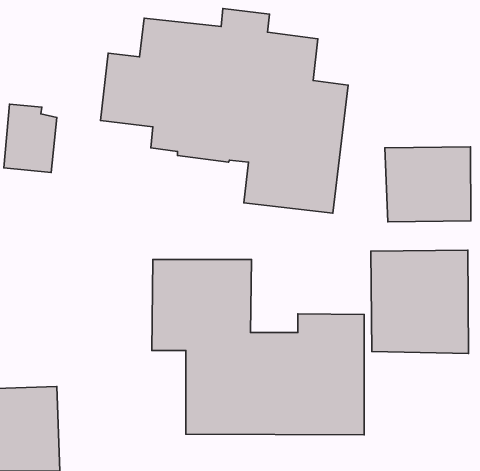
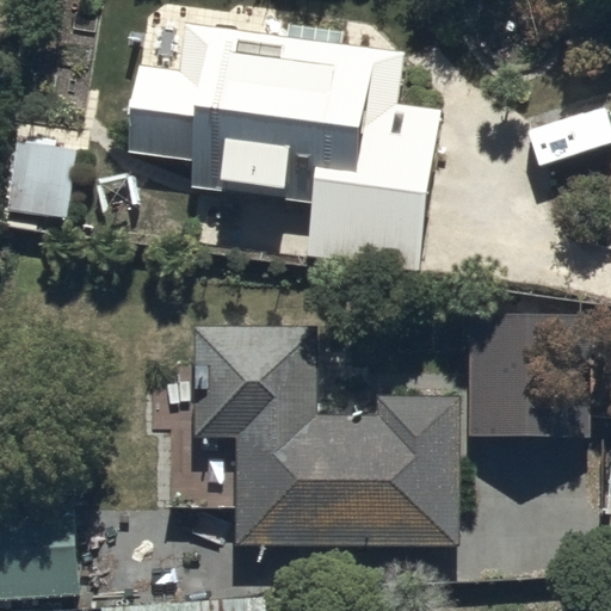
building: [385,147,471,222] -> none

